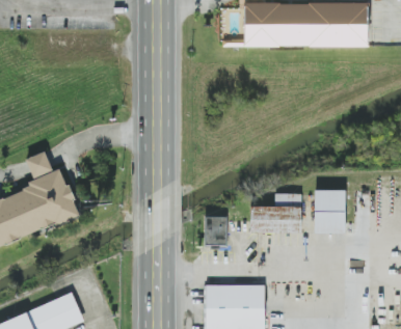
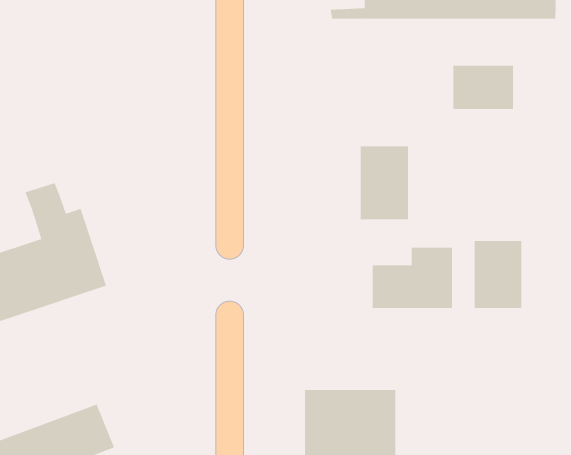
building: none -> [453,65,513,110]
building: none -> [360,145,408,220]
building: [205,216,228,247] -> none

